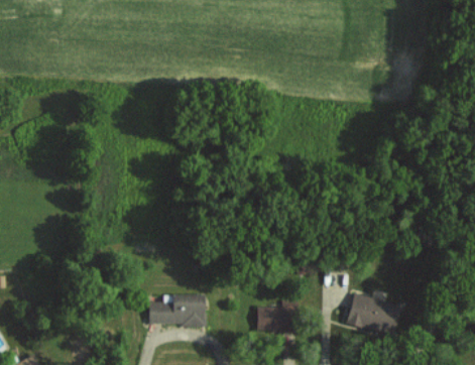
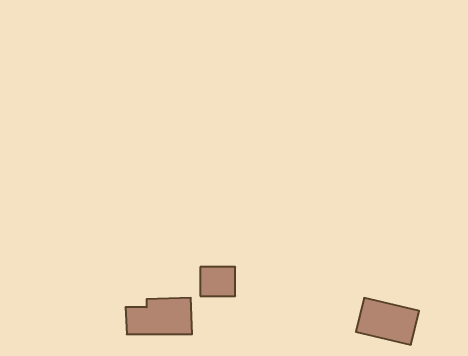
building: [257,308,287,333] -> [200,267,235,296]

